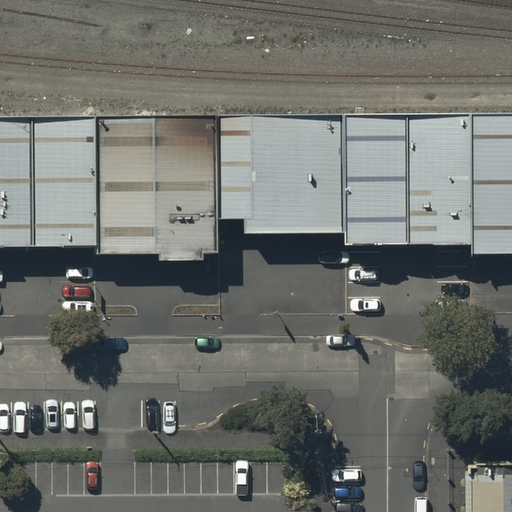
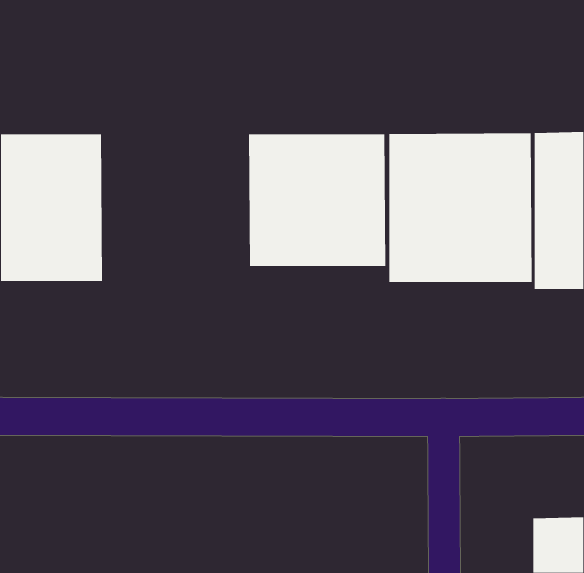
building: [92,117,213,254] -> none

